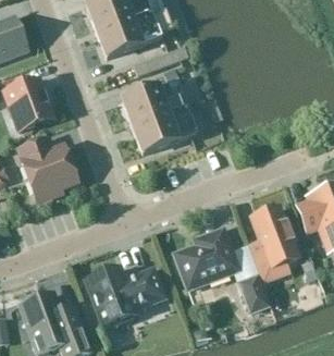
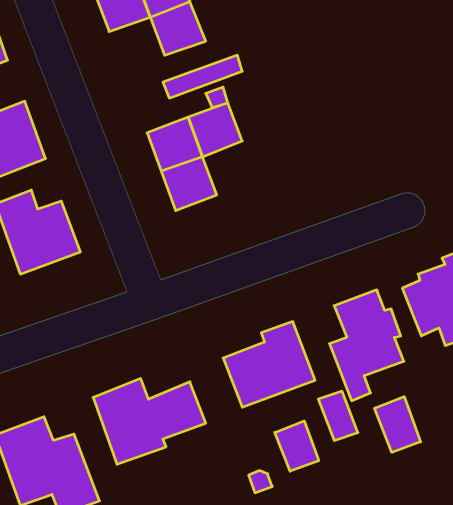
building: [96,20,134,57] -> none
building: [160,105,198,142] -> none
building: none -> [375,397,421,452]
building: none -> [275,421,319,471]

